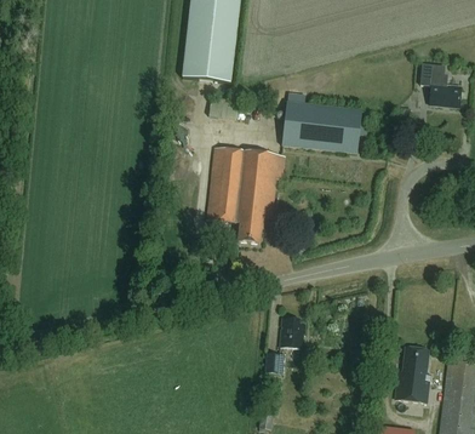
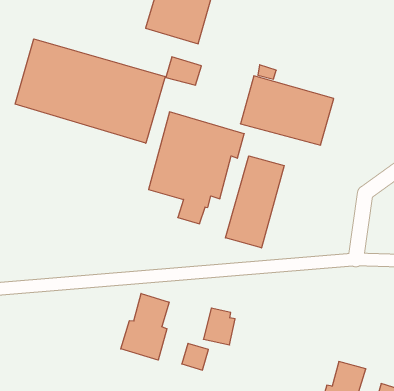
building: none -> [15,39,165,143]
building: none -> [225,156,284,248]
building: none -> [121,293,169,360]

